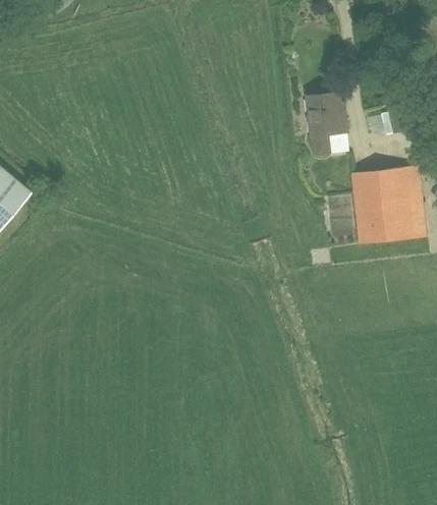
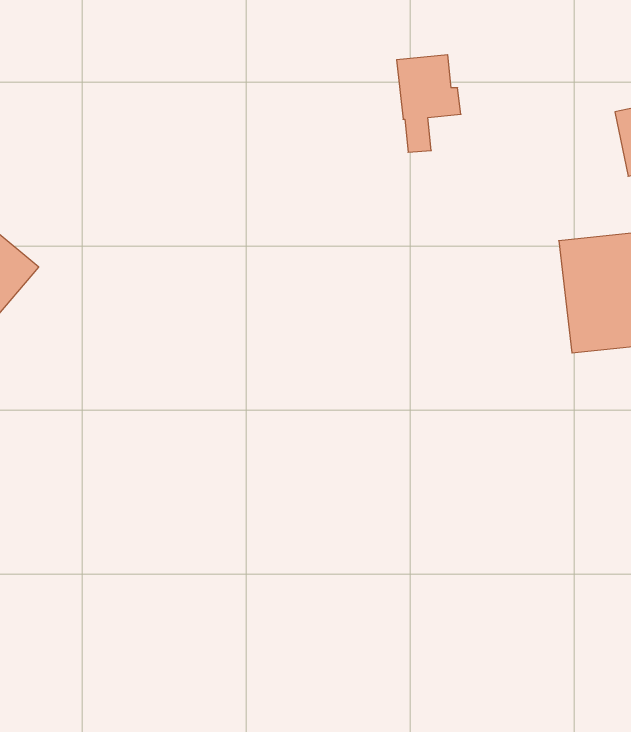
building: [307,95,346,155] -> [397,55,461,152]

